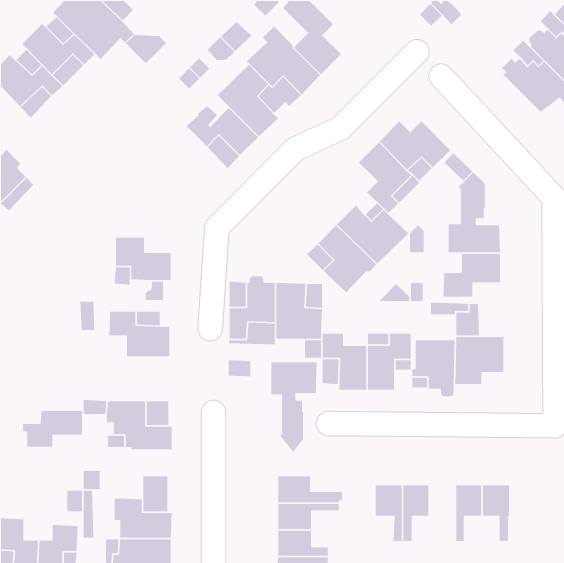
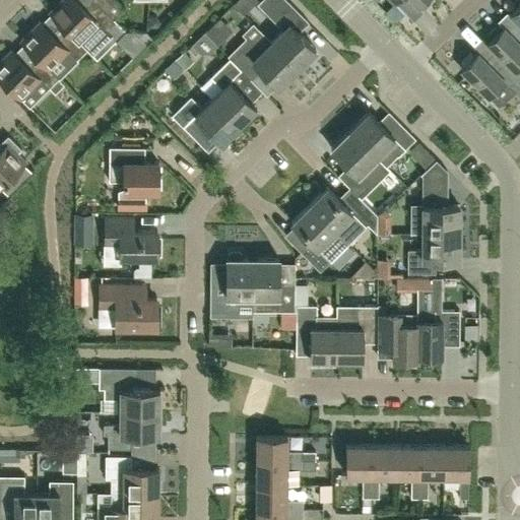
building: none -> [111,148,159,211]
building: none -> [75,213,93,245]
building: [270,362,318,453] -> none
building: [22,410,83,448] -> [104,415,159,450]
building: none -> [395,447,419,500]

